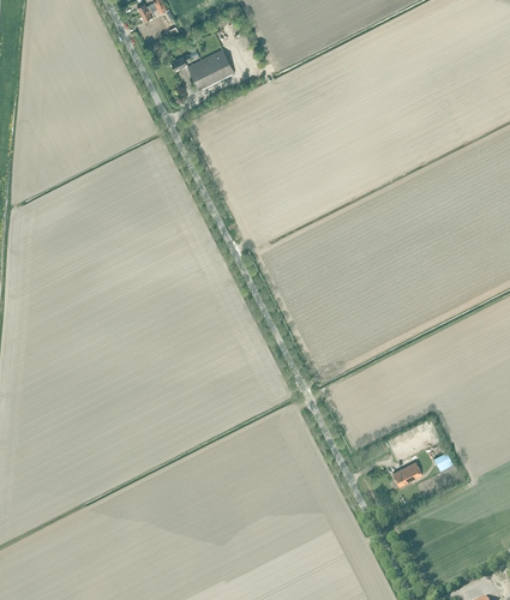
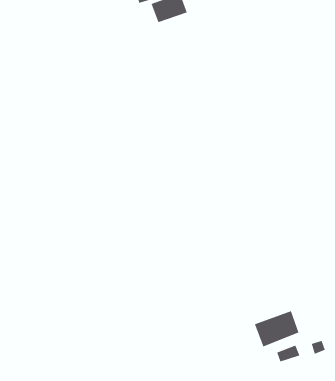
building: none -> [254,310,299,347]

